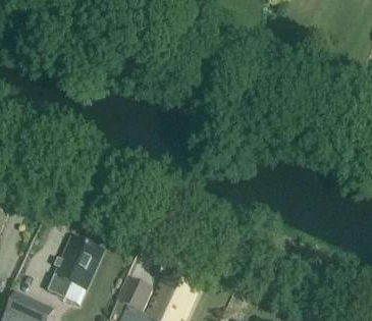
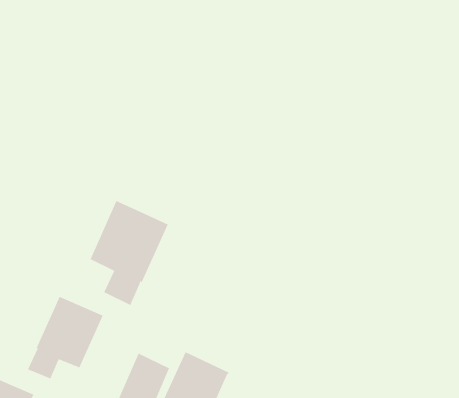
building: none -> [90,200,168,306]

